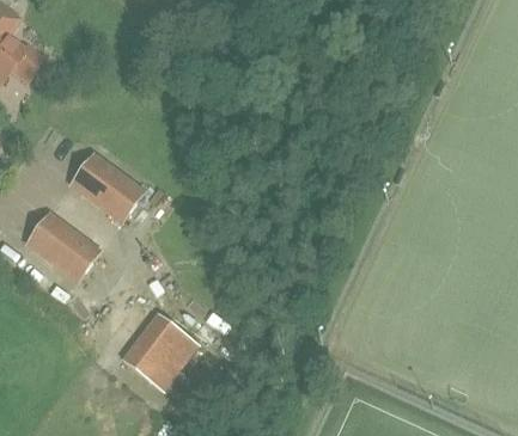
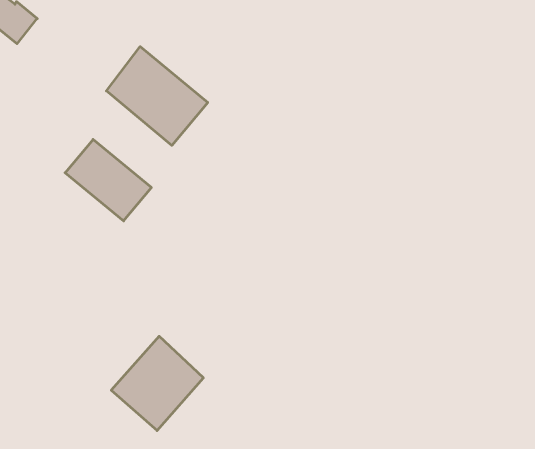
building: none -> [106,47,208,145]
building: [29,214,100,280] -> none

